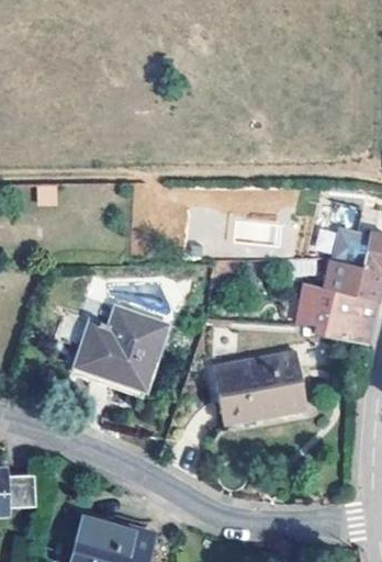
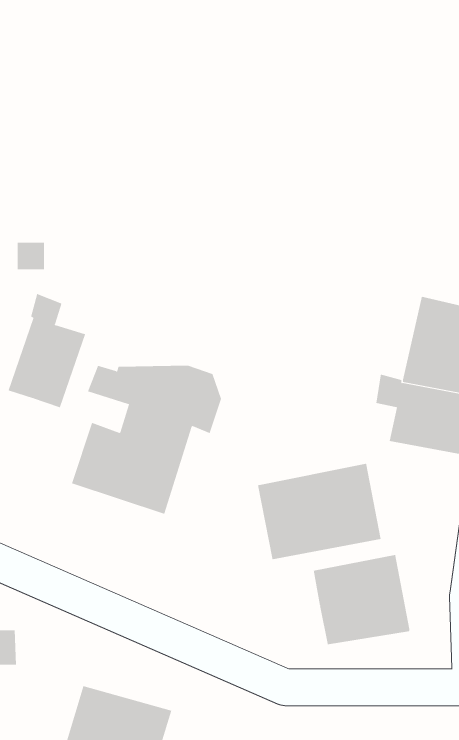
building: none -> [8,293,86,408]
building: none -> [313,554,410,645]

